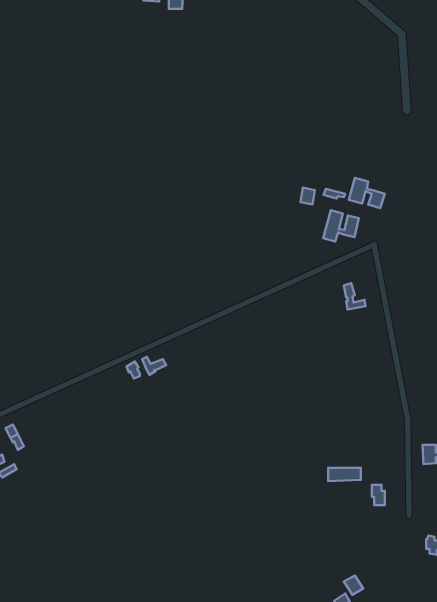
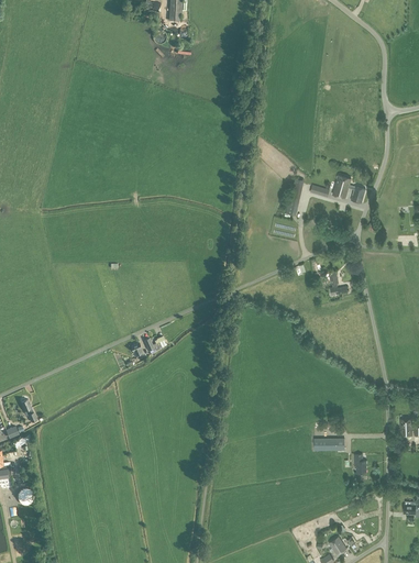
building: [323,210,359,241] -> none

